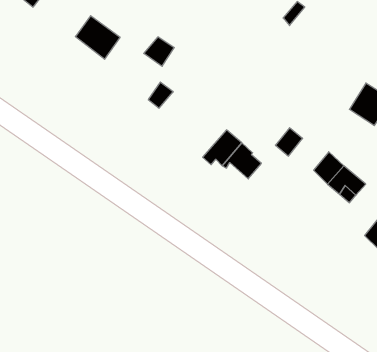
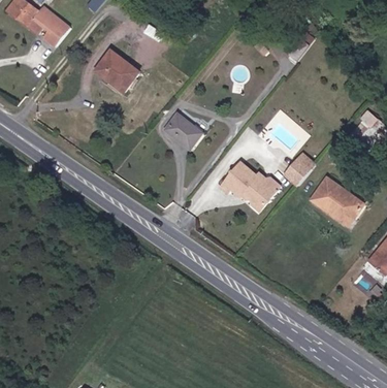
building: [144,37,174,66] -> [173,123,202,151]

